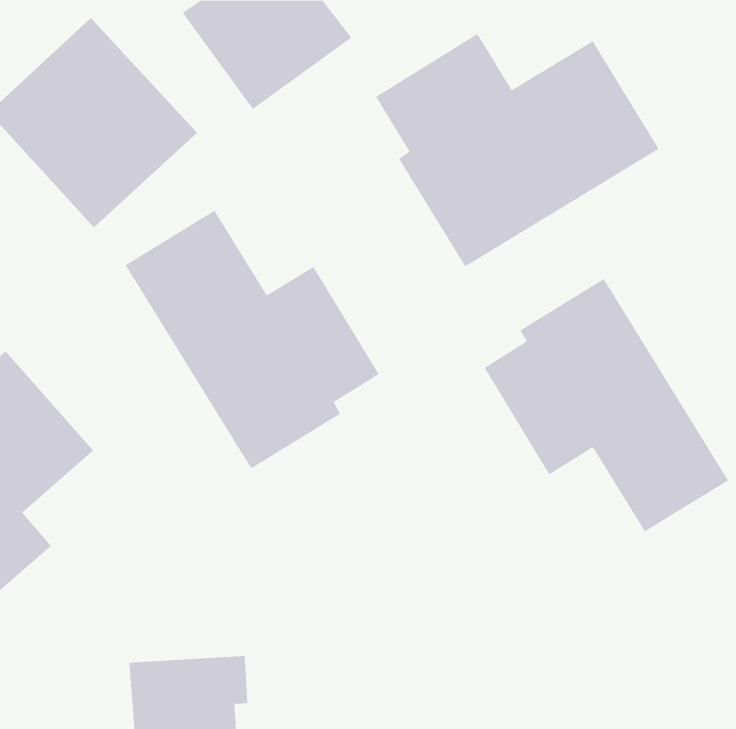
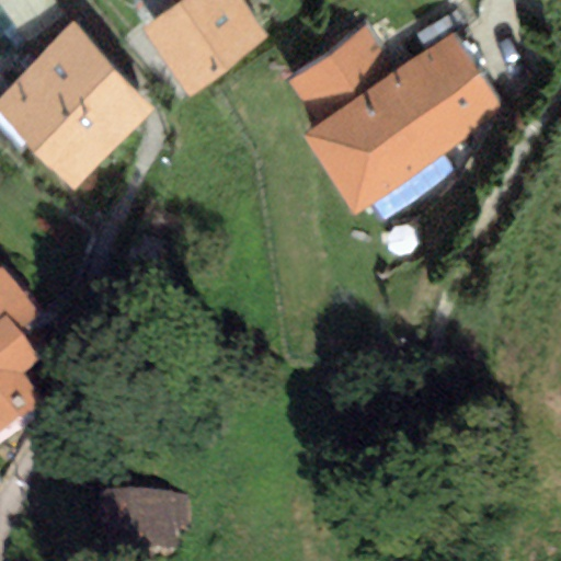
building: [125,210,379,469] -> none
building: [484,278,729,532] -> none

